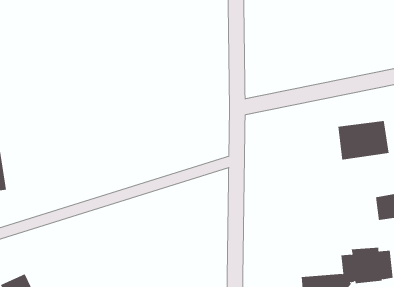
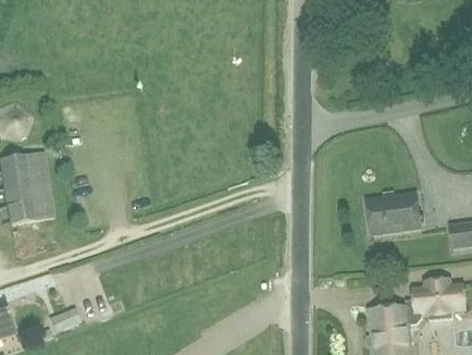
building: [338,120,390,160] -> [367,193,422,235]

